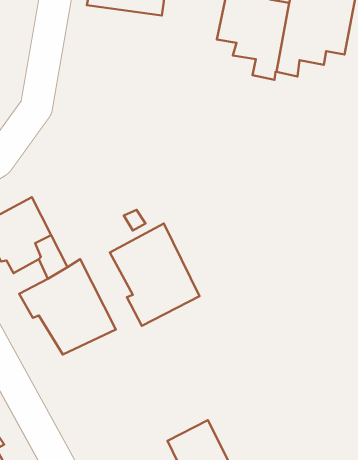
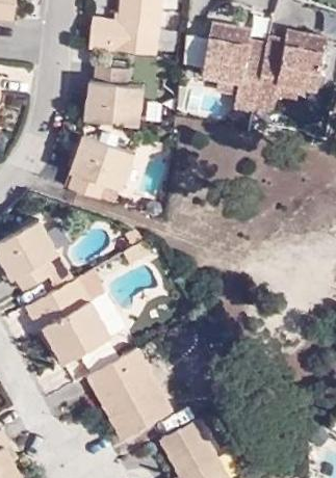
building: none -> [85,65,143,128]
building: none -> [69,133,130,196]
building: [110,224,199,326] -> [92,349,173,442]

